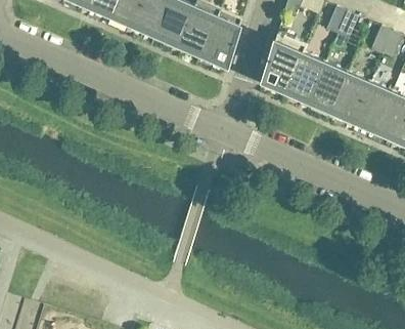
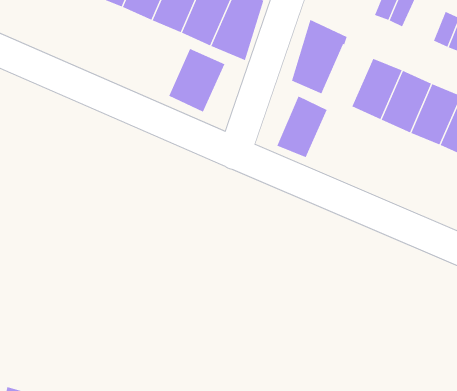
building: [285,54,324,101] -> [277,96,327,158]
building: none -> [169,48,225,112]

